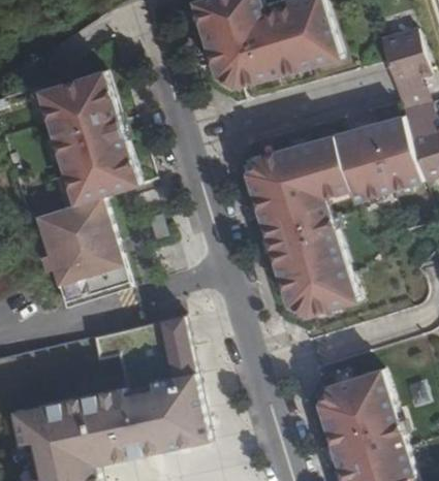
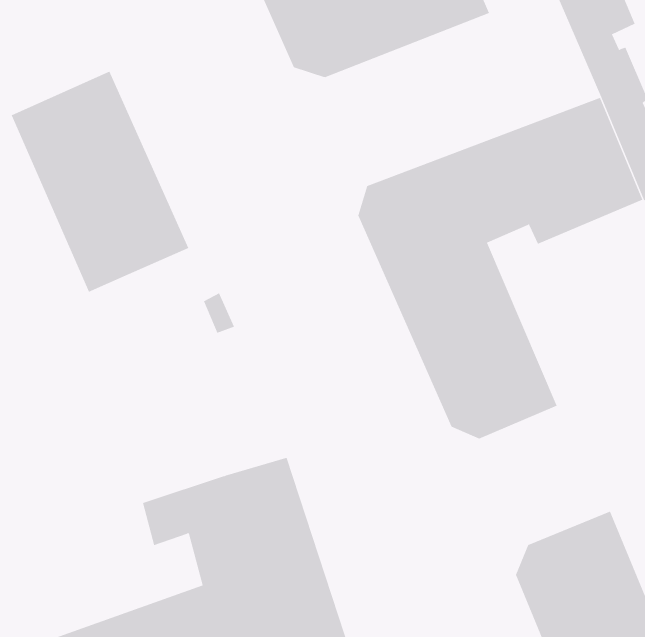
building: [36,196,130,308] -> none

